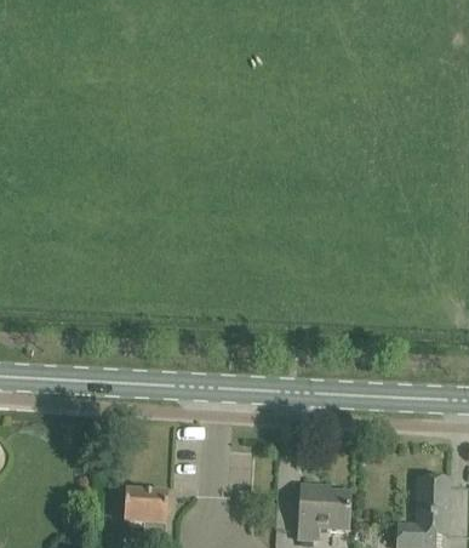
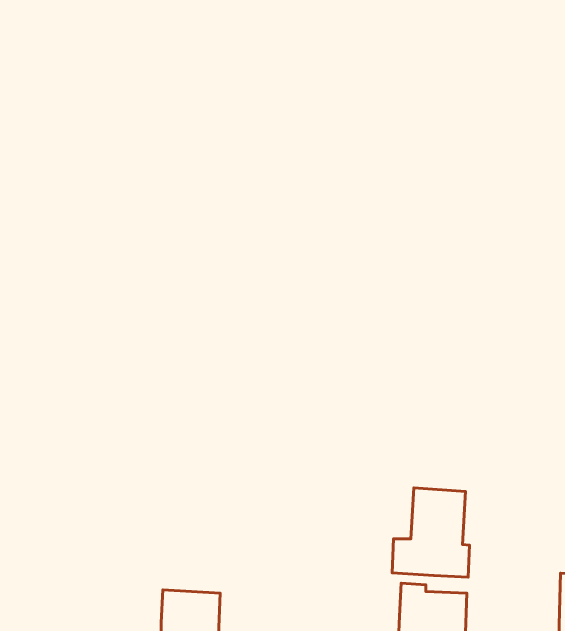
building: none -> [392,488,469,577]

